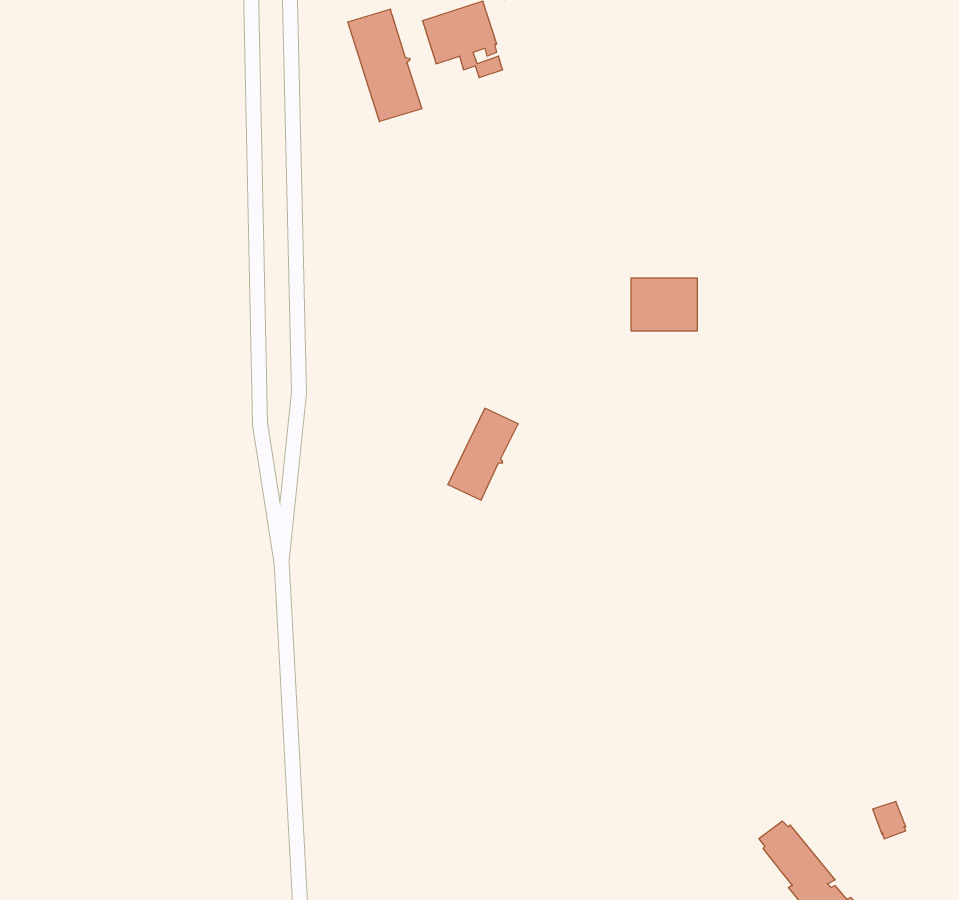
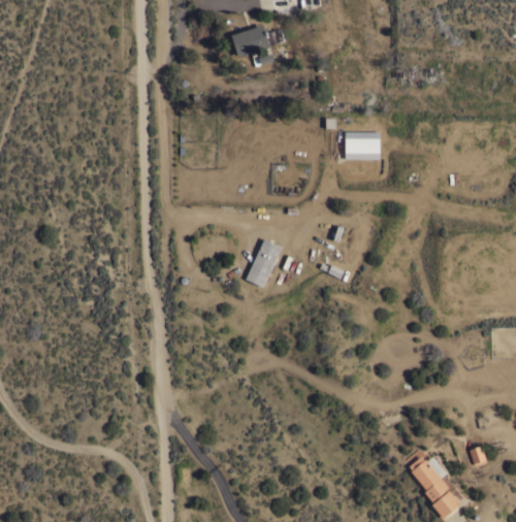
building: [348,9,422,122] -> none
building: [631,278,697,331] -> [345,131,380,159]

